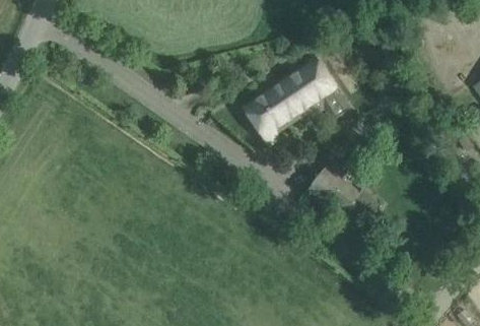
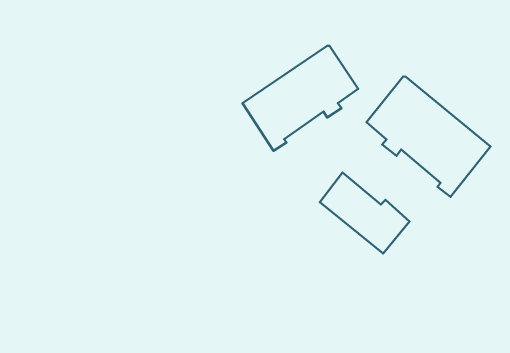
building: none -> [366,77,491,197]

